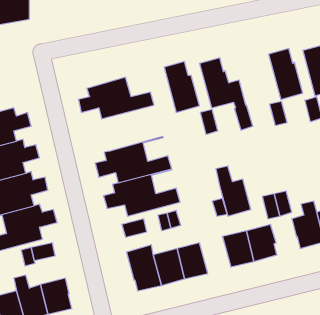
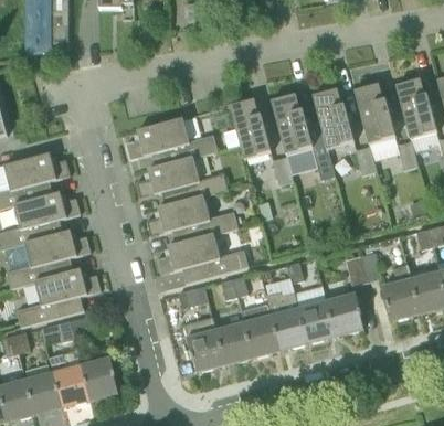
building: none -> [311,88,353,149]
building: none -> [136,150,226,205]
building: [216,166,251,216] -> [266,291,308,351]

